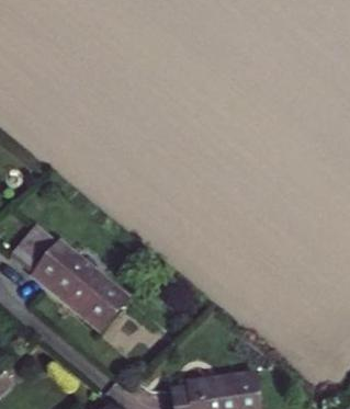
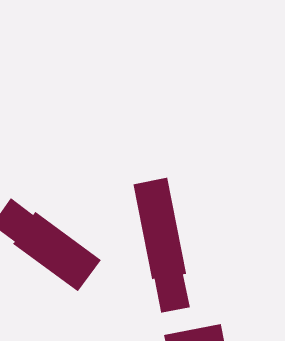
building: none -> [133,177,190,313]

